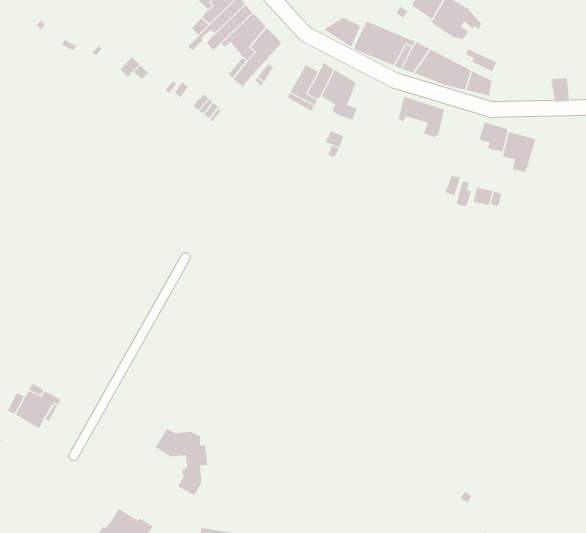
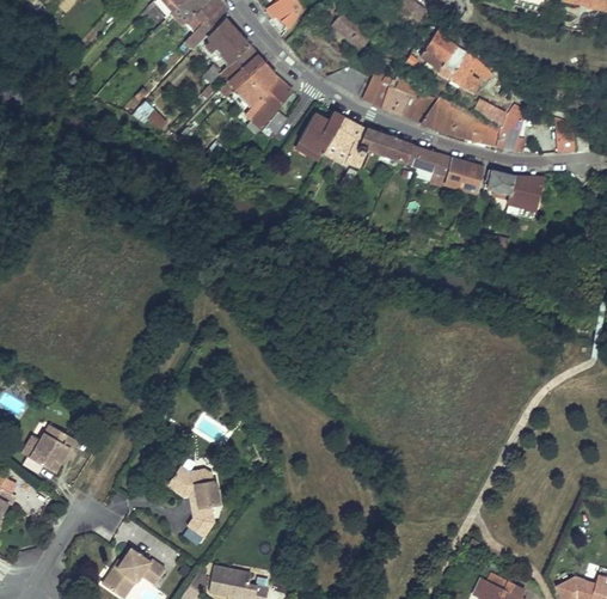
building: none -> [497,102,525,147]
building: none -> [357,128,412,161]
building: none -> [449,157,488,191]

